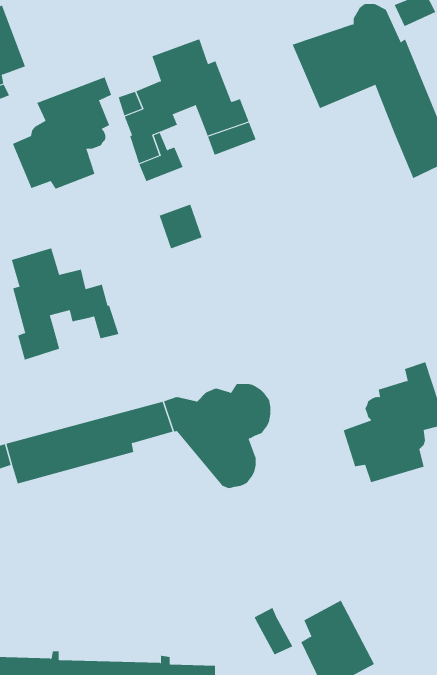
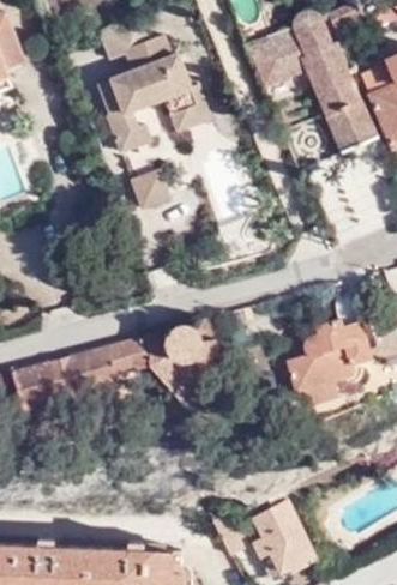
building: [12,76,112,189] -> none
building: [11,247,119,360] -> none

